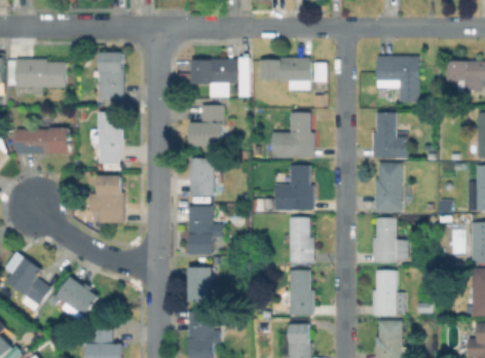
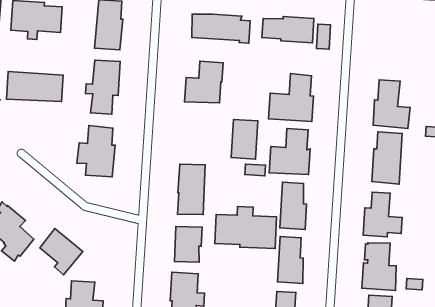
building: [377,57,420,102] -> none
building: [191,158,215,195] -> [231,119,258,159]
building: none -> [215,206,277,249]

